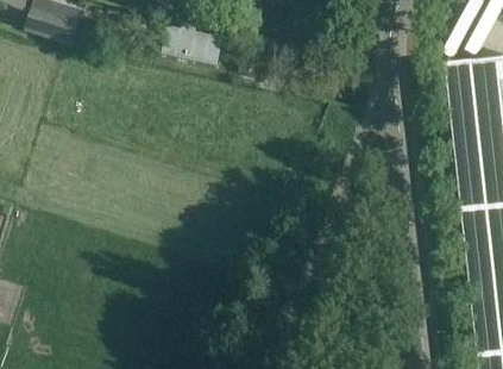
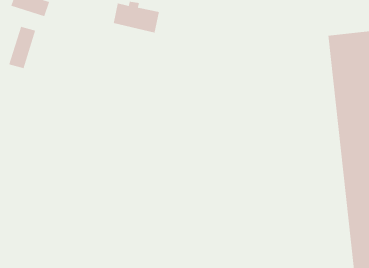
building: none -> [8,26,36,69]

